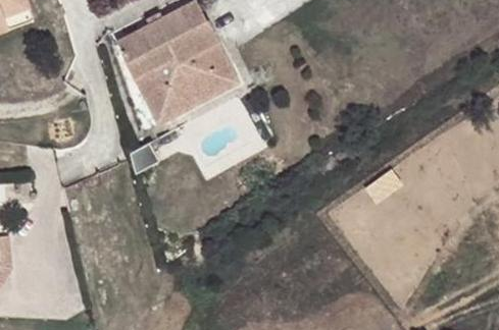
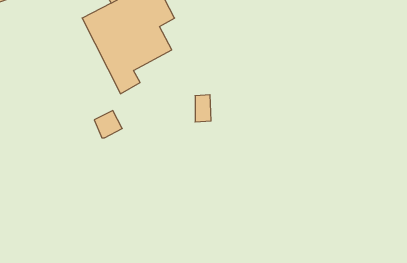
building: [171,43,237,113] -> none

